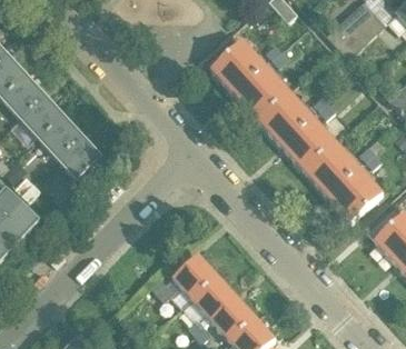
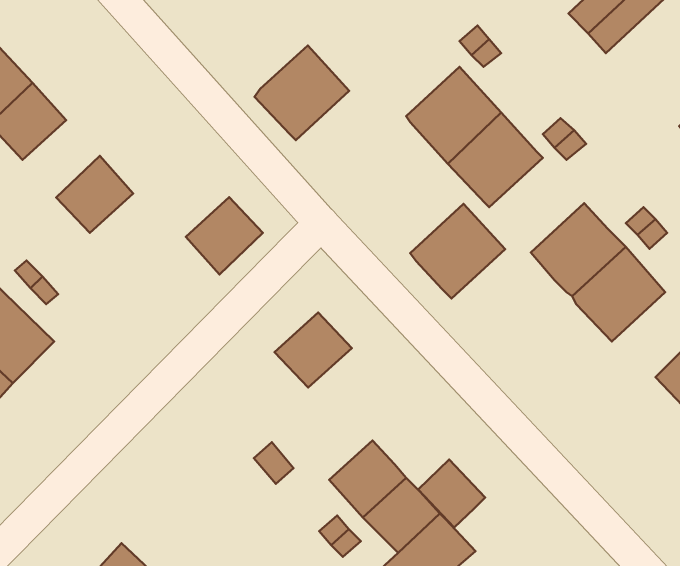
building: [212,40,266,93] -> [254,45,349,140]
building: [20,96,63,139] -> none
building: [283,117,336,170] -> [410,204,505,299]
building: [58,137,101,180] -> [186,197,263,274]
building: [174,256,217,298] -> [275,313,352,388]
building: none -> [418,460,485,527]

